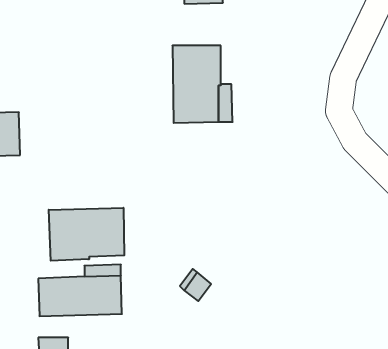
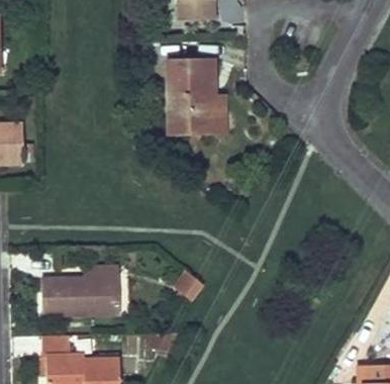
building: [49,208,124,261] -> none

